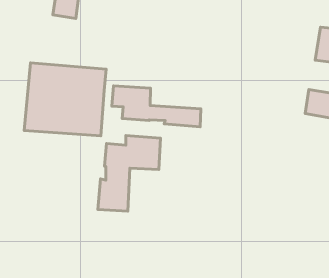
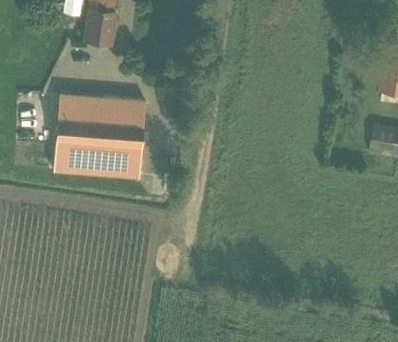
building: [112,86,201,127] -> none
building: [98,135,160,211] -> none

